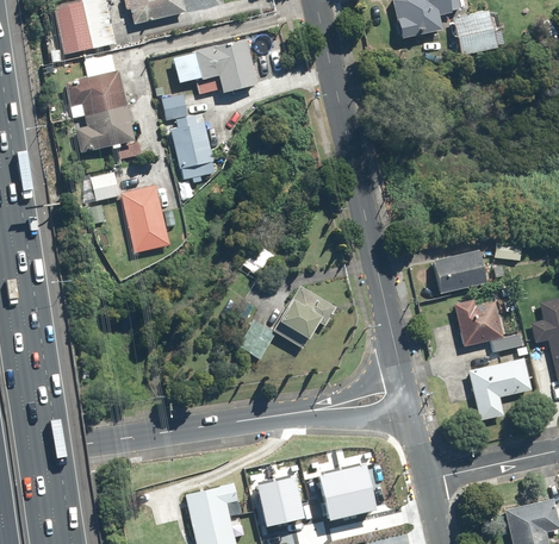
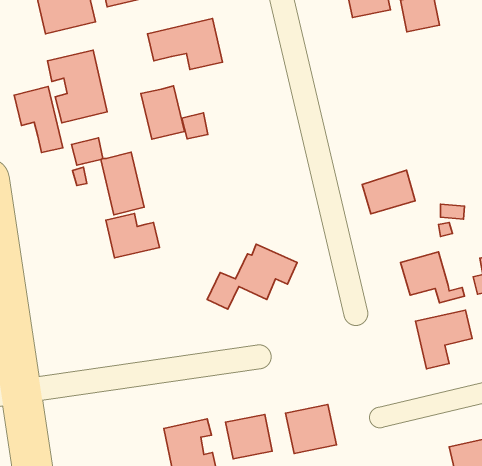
building: [161,93,190,121] -> [182,113,208,139]
building: none -> [14,87,63,153]
building: [433,246,491,294] -> [362,170,415,214]
building: none -> [106,213,159,258]

